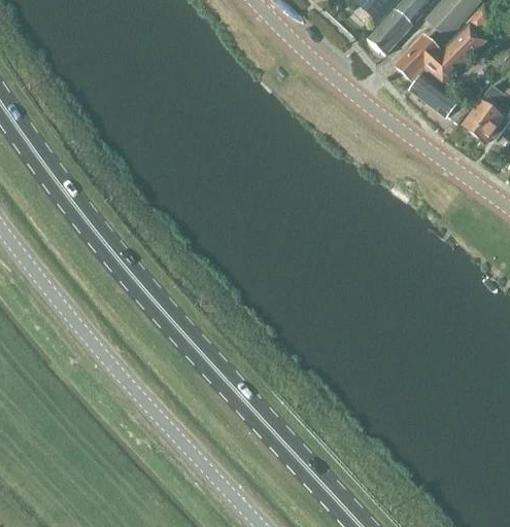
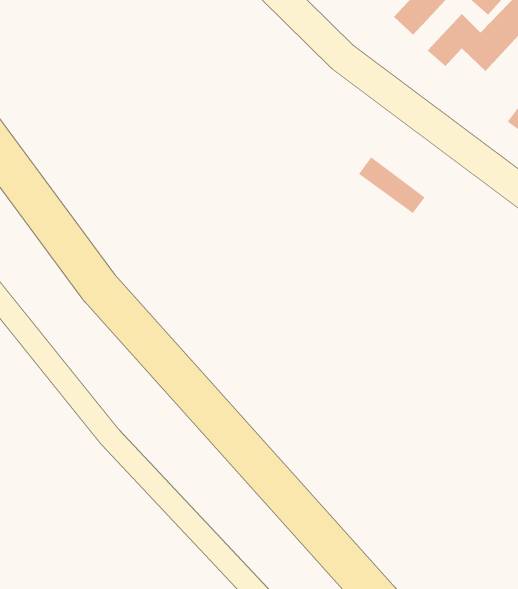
building: [411,73,467,120] -> [358,157,426,214]

